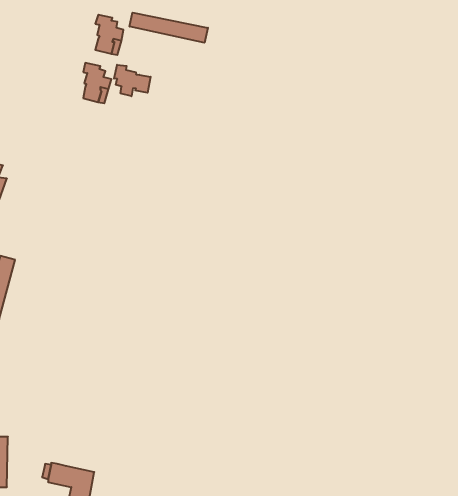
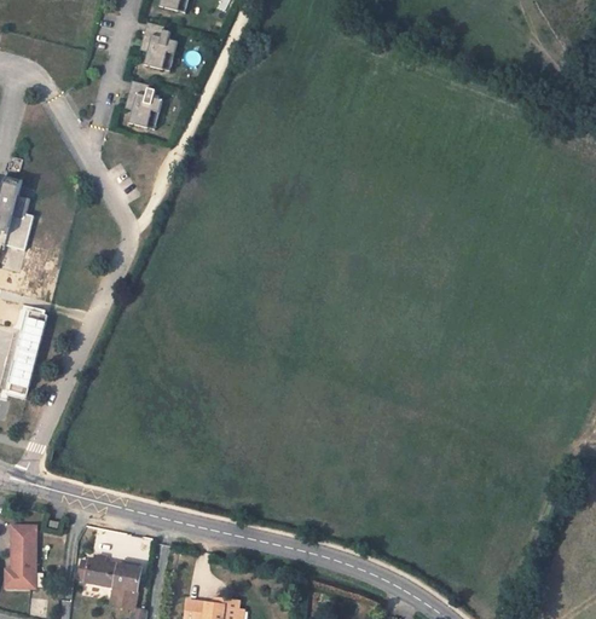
building: [130,13,208,43] -> none
building: [114,65,151,96] -> none

